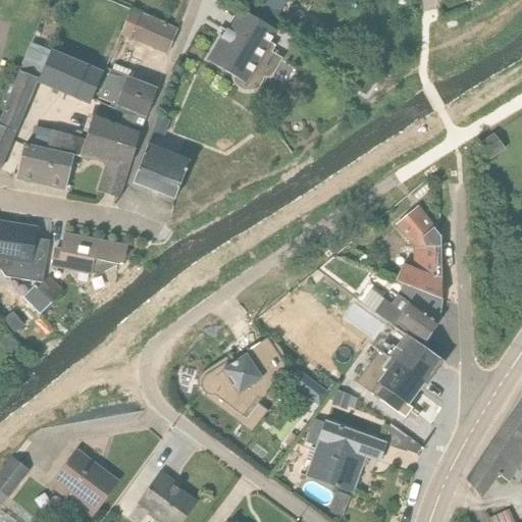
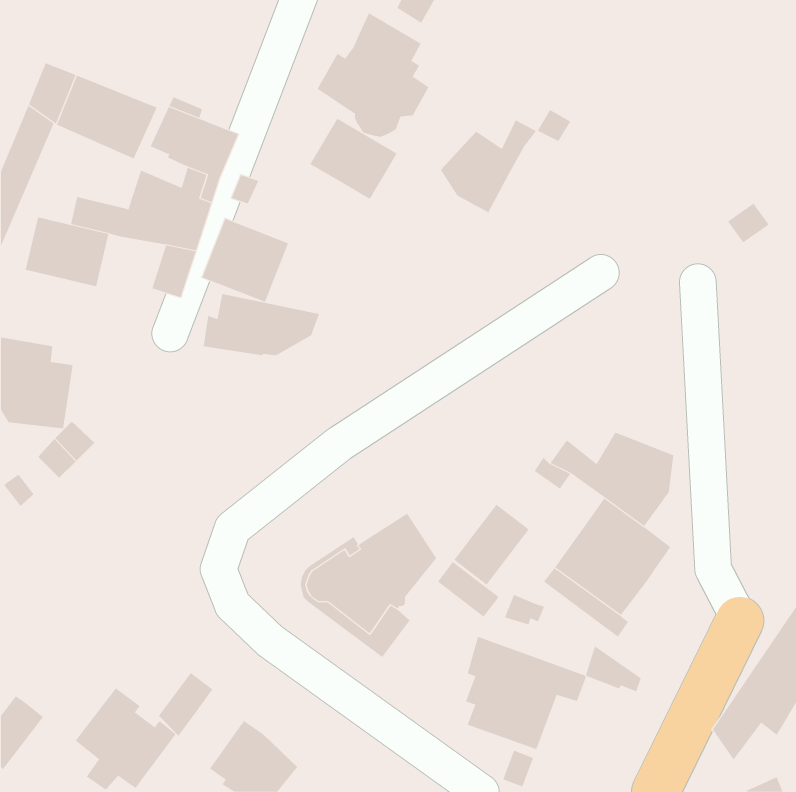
building: [120,8,177,53] -> none
building: none -> [310,118,397,200]
building: none -> [440,120,537,213]
building: [395,205,441,298] -> none
building: [51,232,127,273] -> [203,293,320,356]
building: none -> [453,504,530,586]
building: none -> [158,672,213,736]

